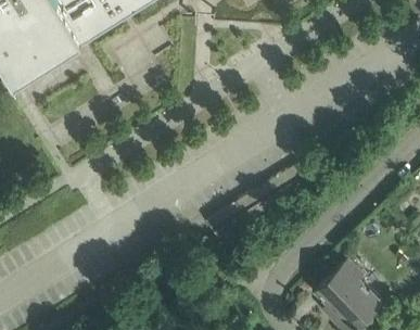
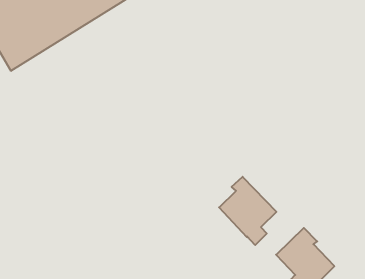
building: none -> [219,177,276,245]

